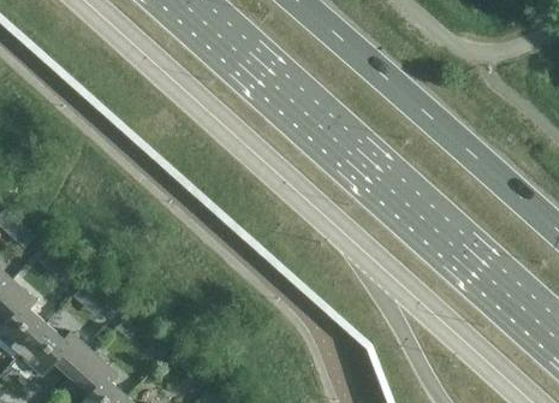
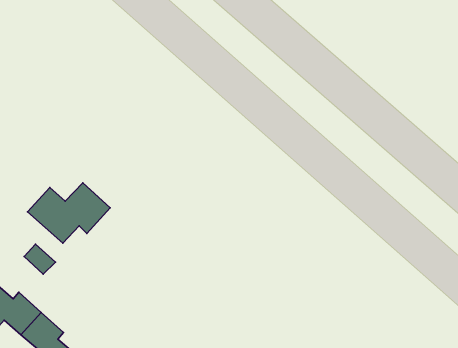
building: none -> [28,183,110,243]

